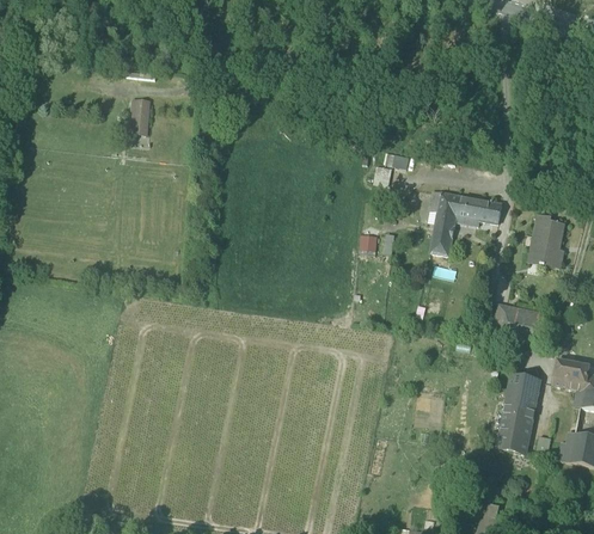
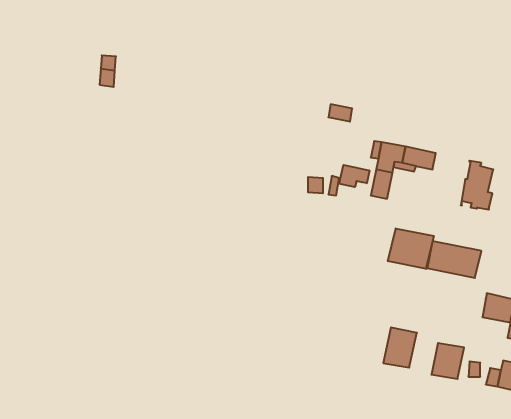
building: none -> [339,165,369,187]
building: none -> [388,228,434,269]
building: [503,374,540,418] -> [383,327,417,368]

